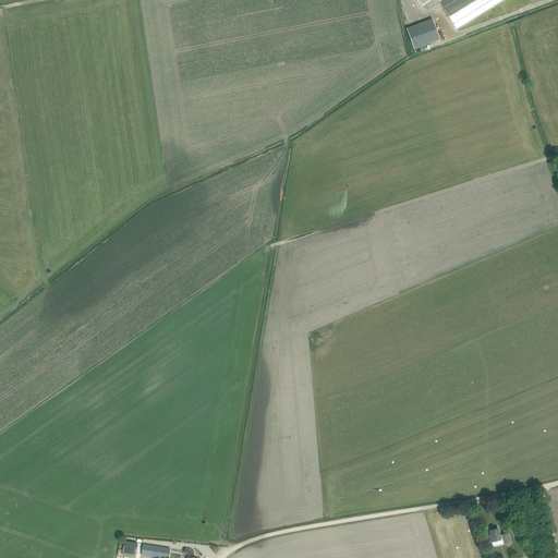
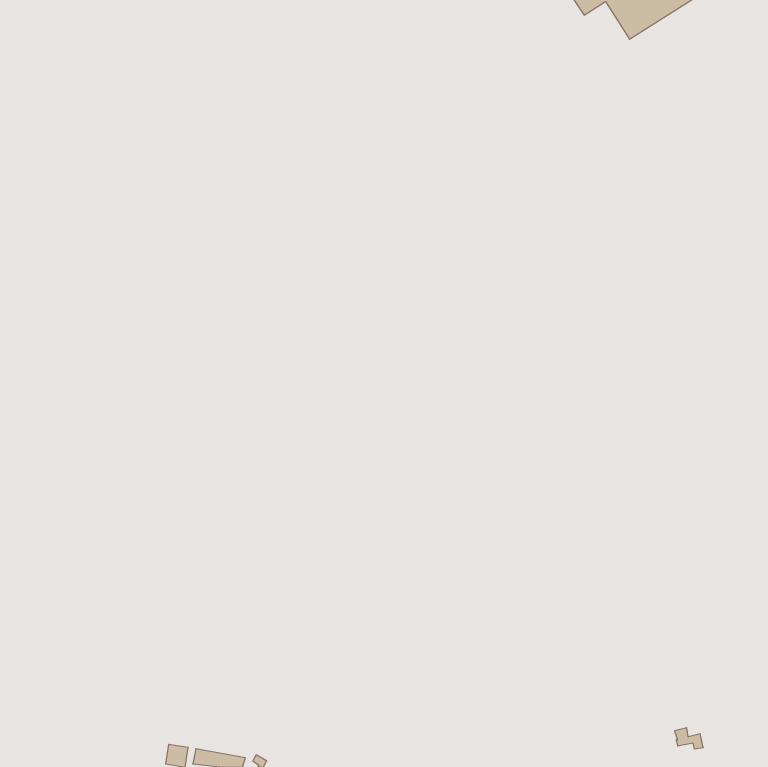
building: [405,17,439,47] -> none

